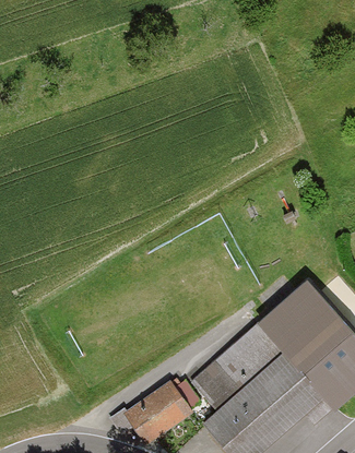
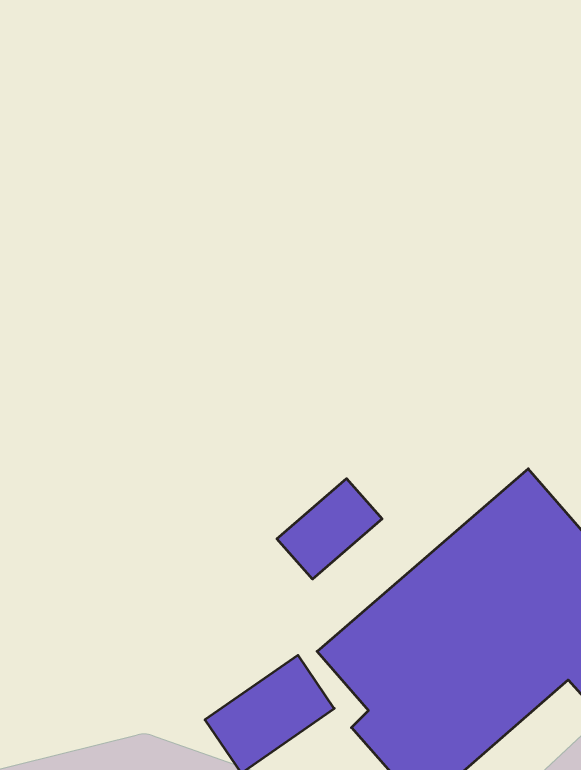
building: none -> [277,479,382,579]

